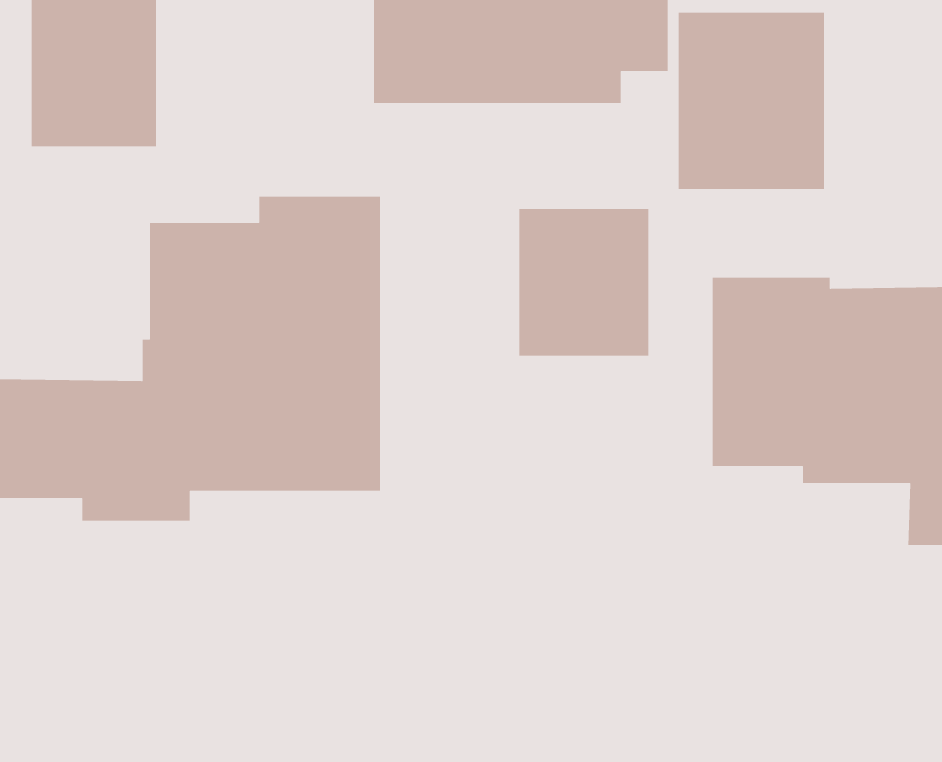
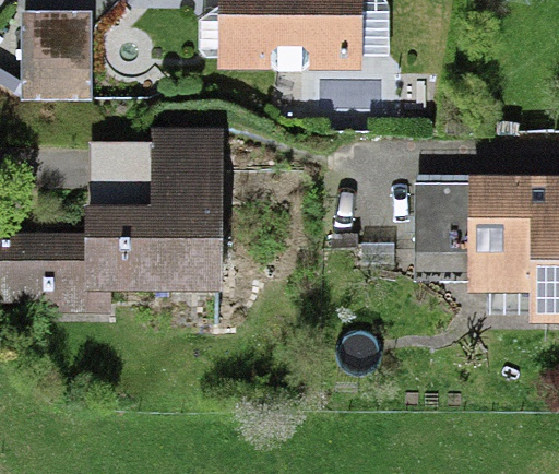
building: [678,12,825,190] -> none
building: [518,208,649,356] -> none

